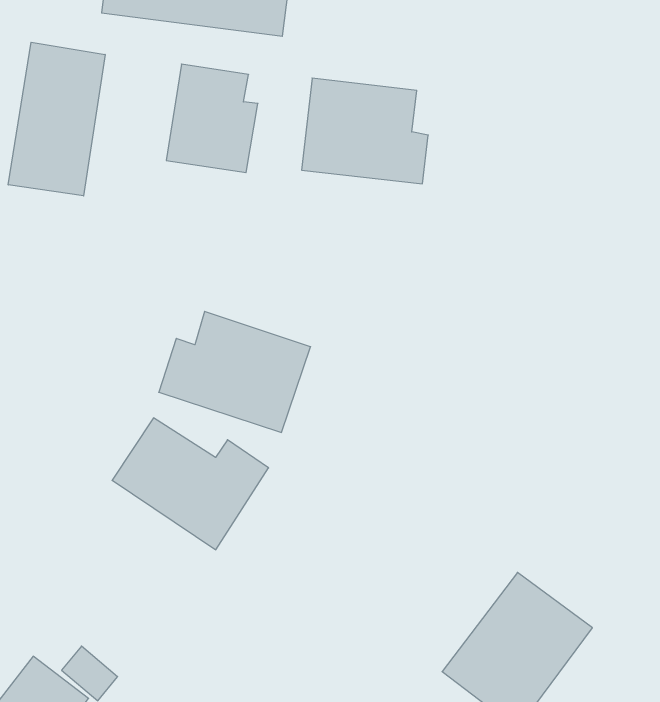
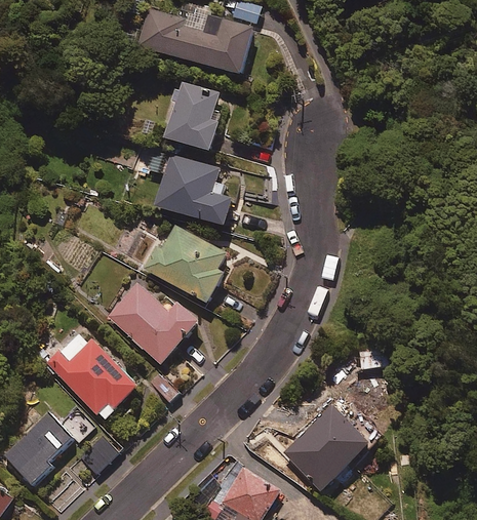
building: [8,42,105,196] -> none
building: [302,78,428,184] -> [155,155,231,225]
building: none -> [45,333,137,422]

